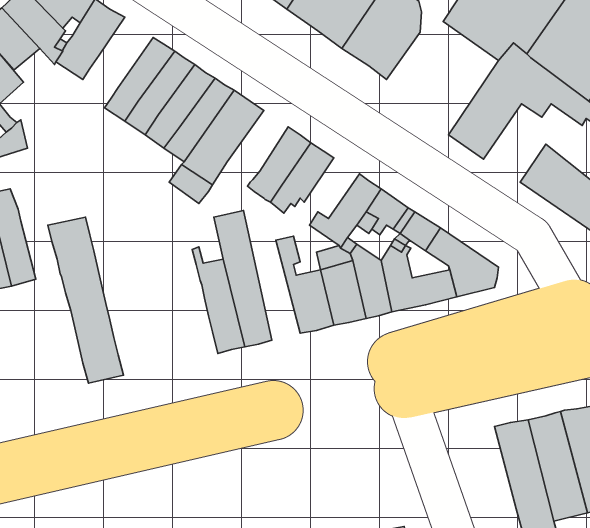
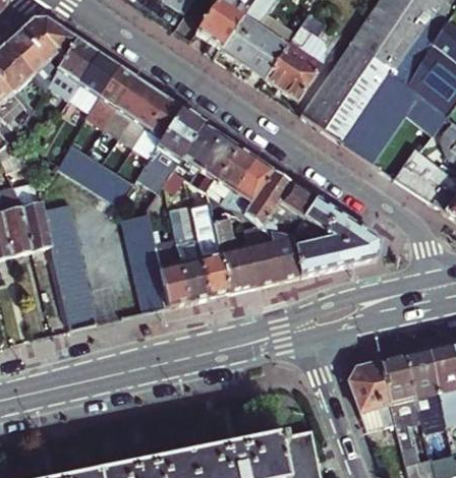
building: none -> [67,53,120,114]
building: none -> [300,56,381,141]
building: none -> [176,123,222,175]
building: none -> [55,141,130,200]
building: none -> [219,159,276,210]
building: none -> [12,177,50,250]
building: none -> [185,184,231,296]
building: none -> [120,212,169,312]
building: none -> [346,361,394,430]

